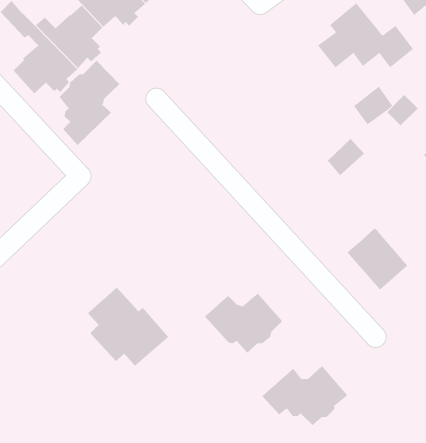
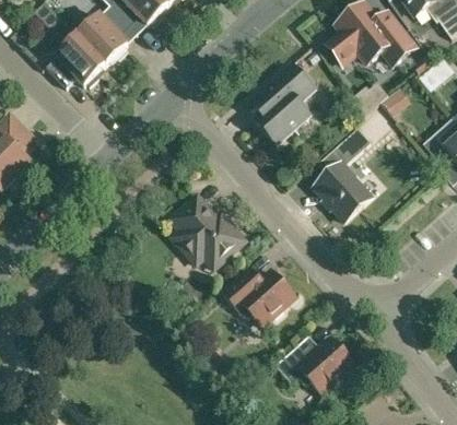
building: [59,60,120,146] -> none
building: none -> [256,63,315,143]
building: [346,228,408,291] -> [315,163,372,221]
building: [87,287,169,367] -> [171,194,246,268]

